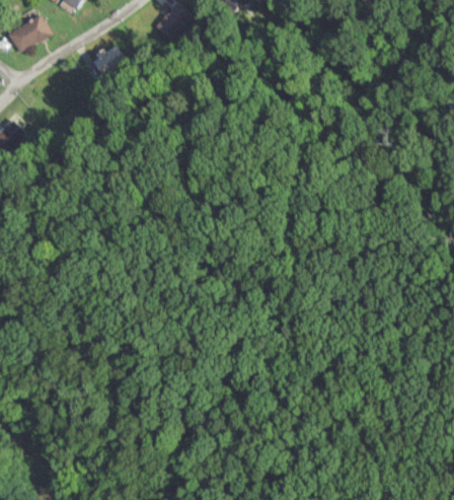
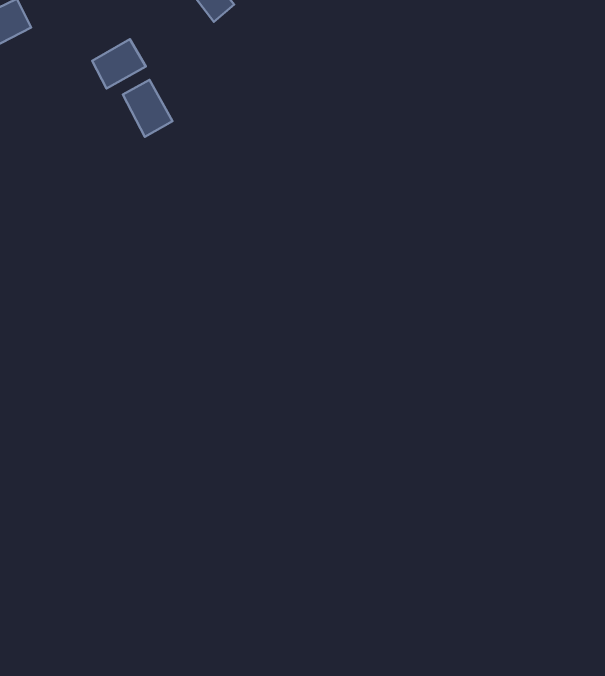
building: none -> [123,80,173,137]

